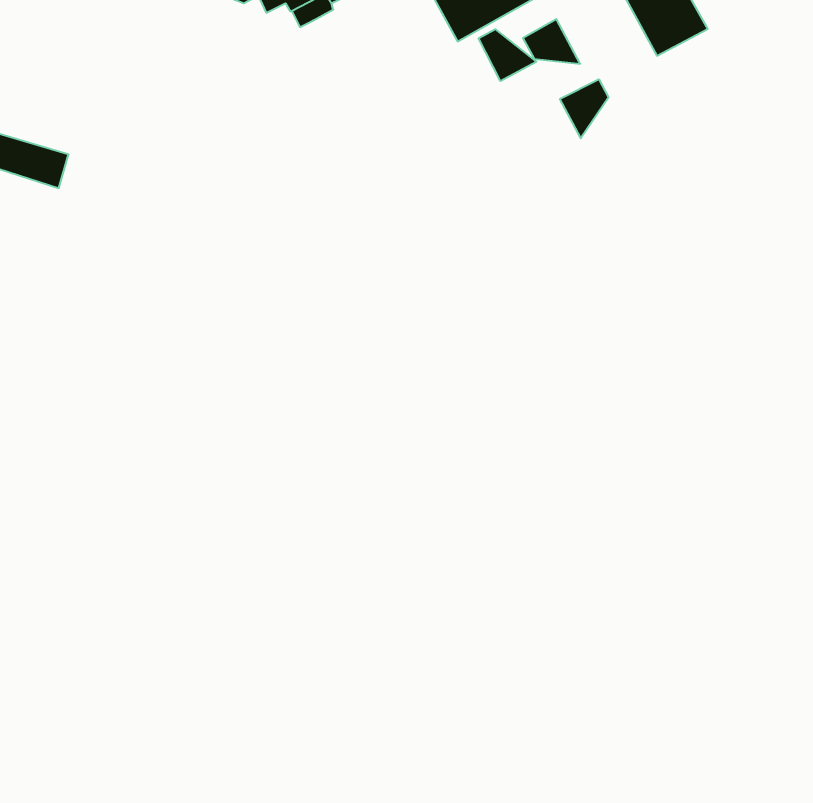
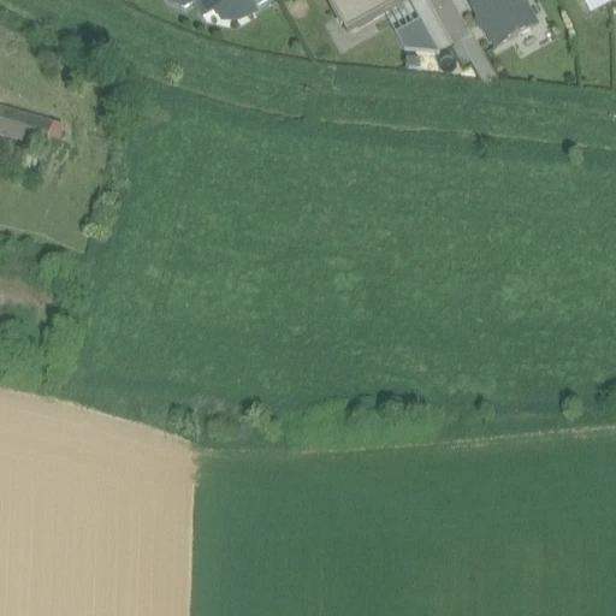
building: [479,29,536,81] -> none
building: [560,79,608,138] -> none

